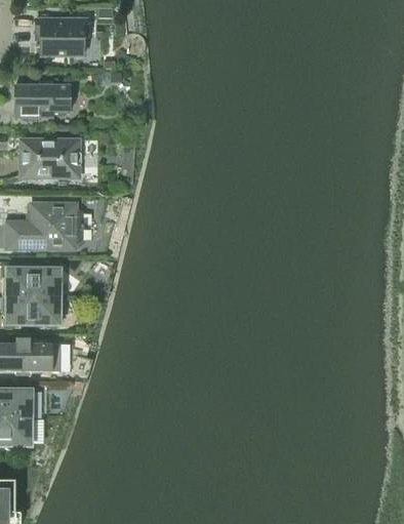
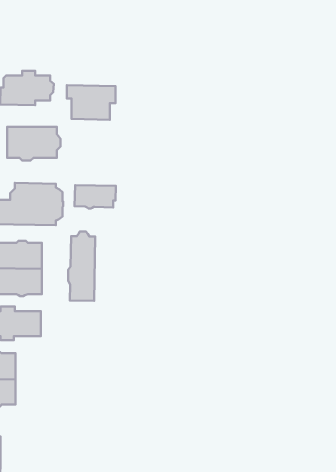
building: [34,17,87,55] -> [67,85,115,120]
building: none -> [74,185,116,208]
building: none -> [68,231,95,301]

